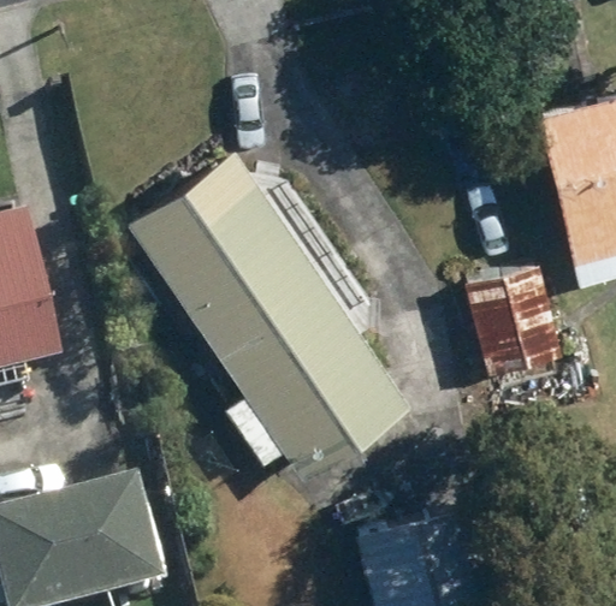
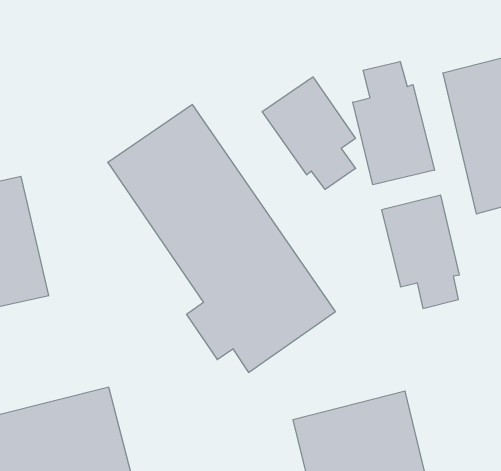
building: none -> [353,61,435,185]
building: none -> [262,77,356,189]

